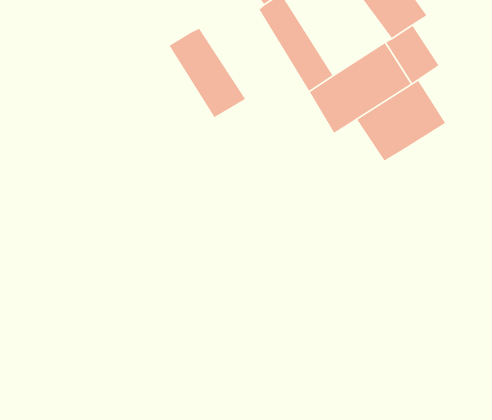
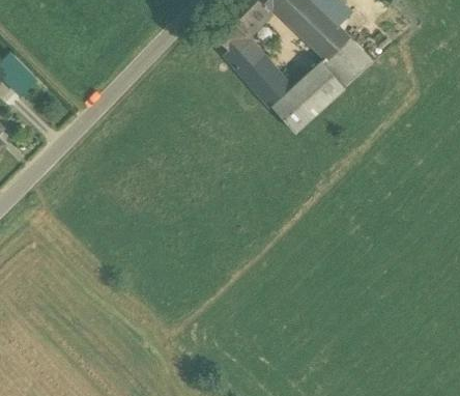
building: [169,28,246,118] -> none
building: [356,80,446,162] -> none

